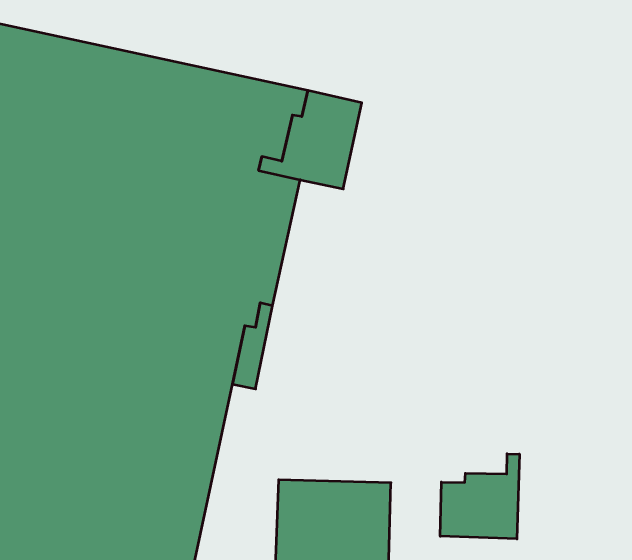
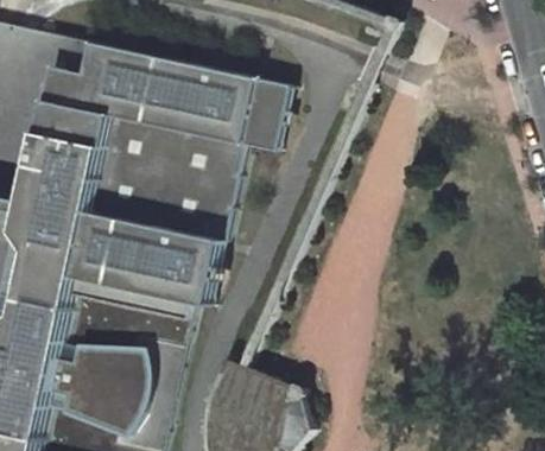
building: [440,454,519,539] -> none

